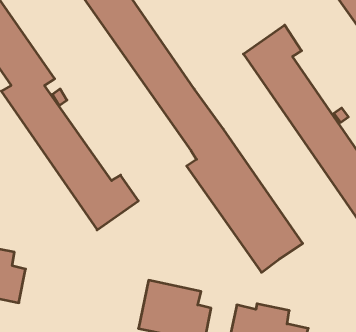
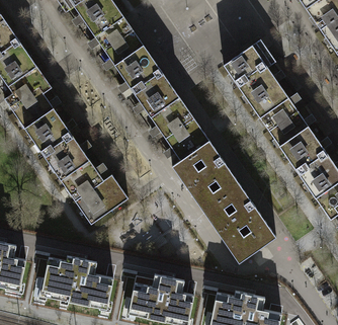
building: none -> [39,255,113,308]

